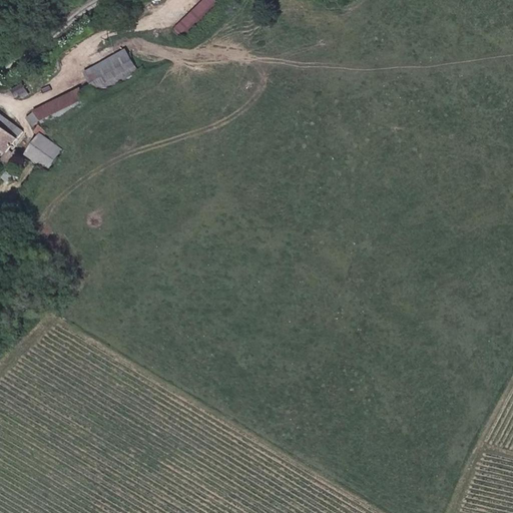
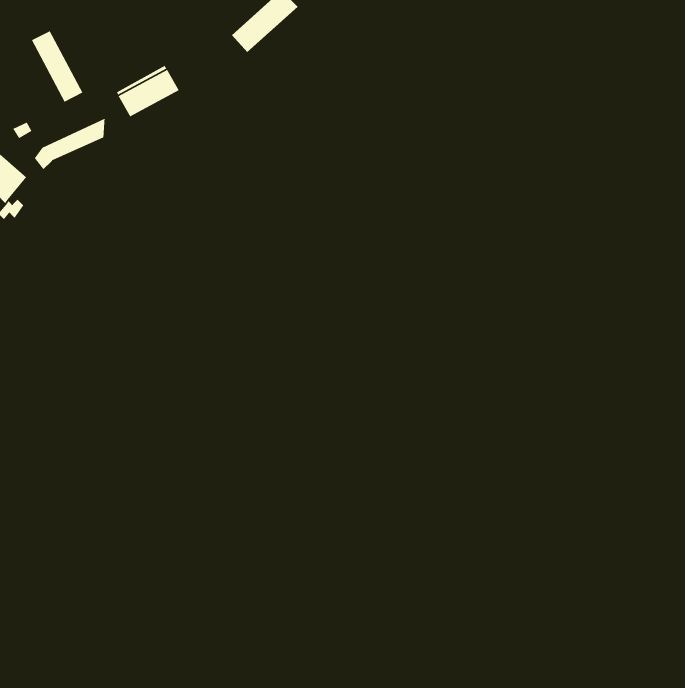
building: none -> [31,30,84,103]
building: [23,132,59,167] -> none

